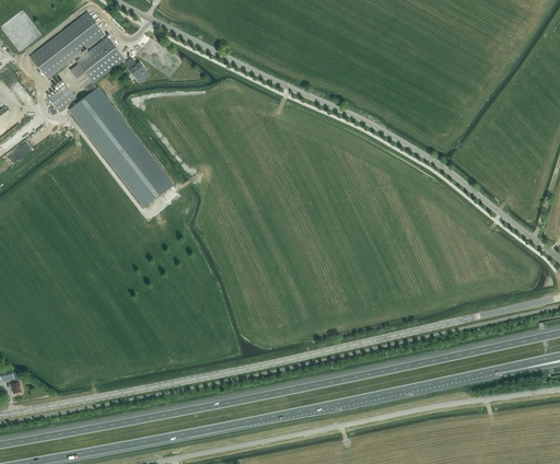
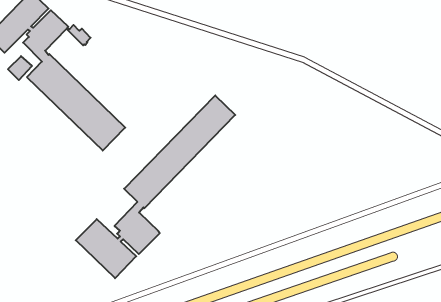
building: none -> [76,95,235,278]

